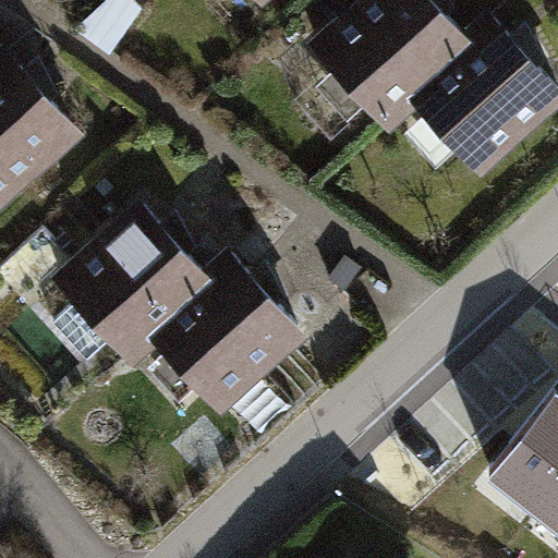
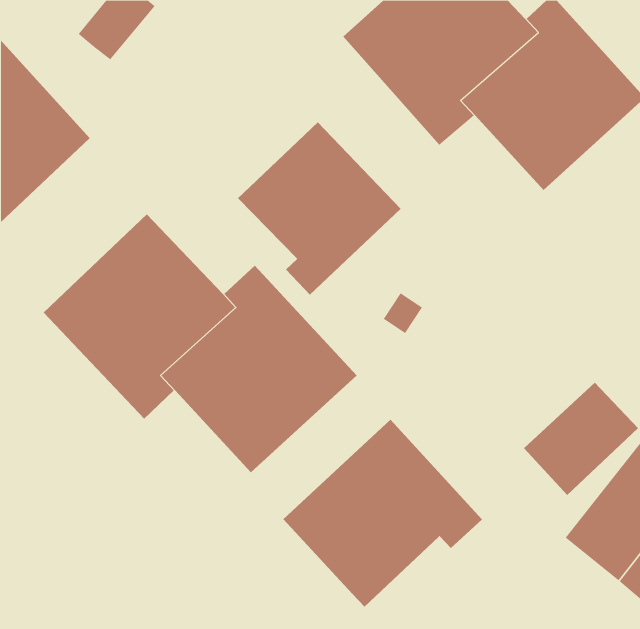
building: none -> [237,121,402,295]
building: none -> [283,419,483,608]

